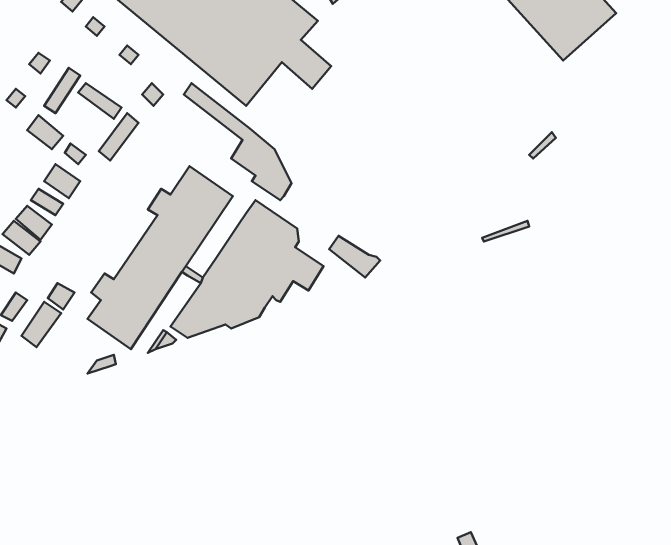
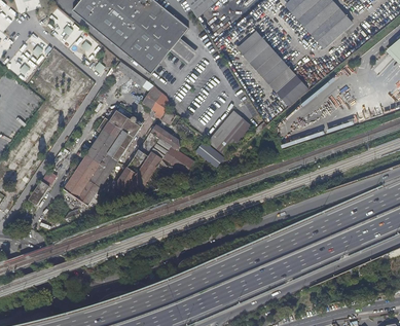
building: none -> [237,32,306,107]
building: none -> [208,111,252,157]

